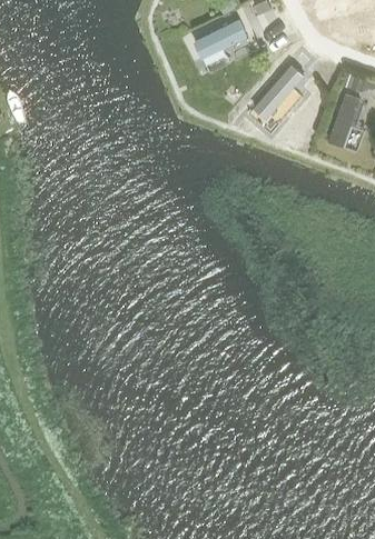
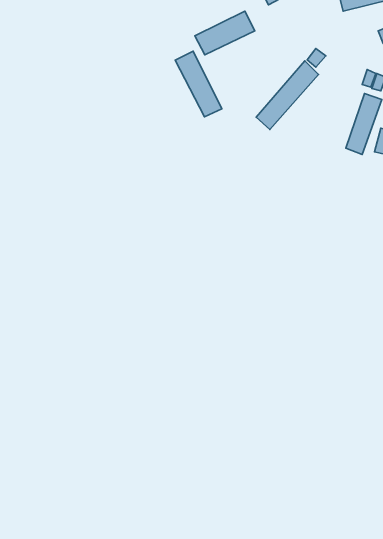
building: none -> [175,51,222,117]

